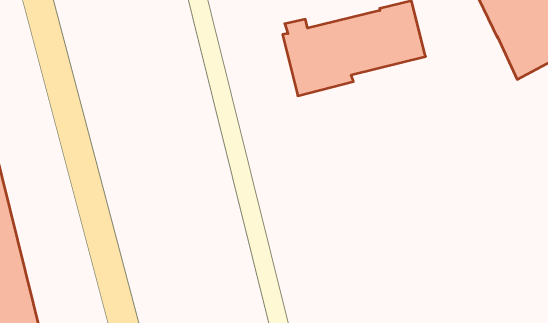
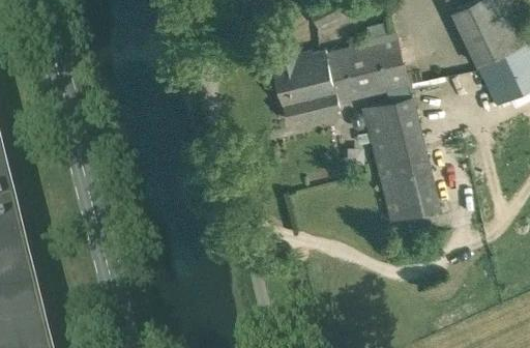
building: none -> [363,97,440,222]

